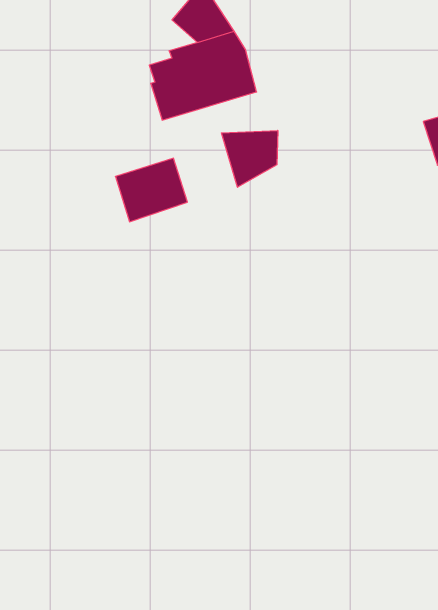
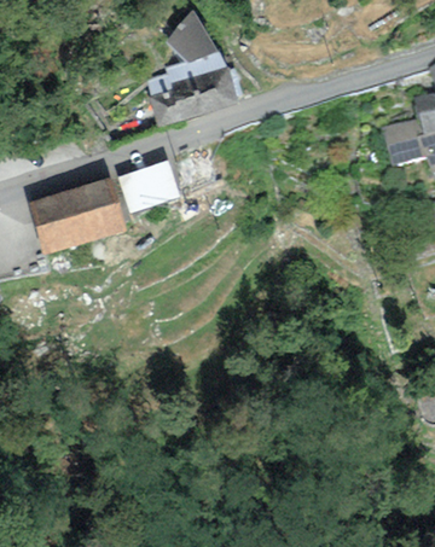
building: [221,130,278,187] -> none
building: none -> [28,176,124,254]

